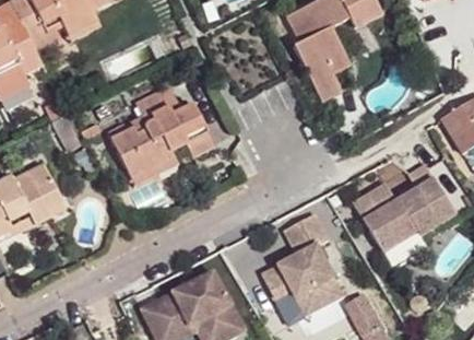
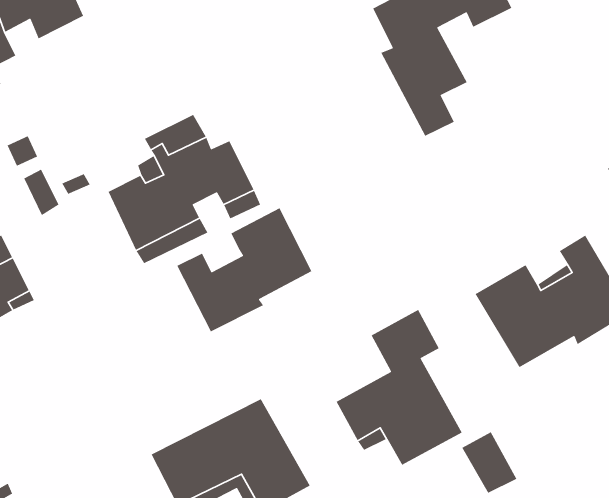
building: none -> [176,207,312,333]

